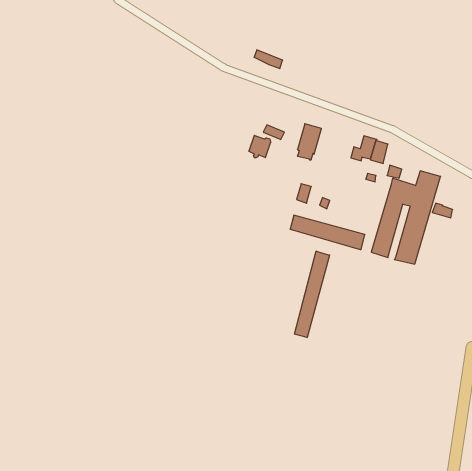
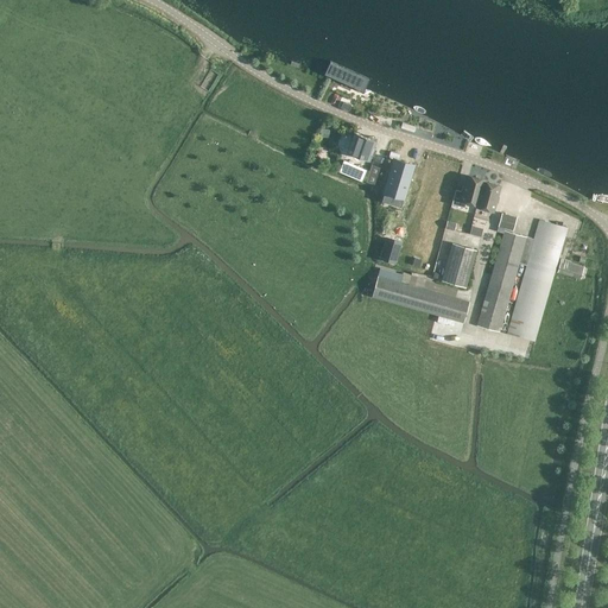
building: [249,135,271,158] -> [348,132,376,160]
building: none -> [441,242,476,286]
building: [294,251,330,338] -> none

